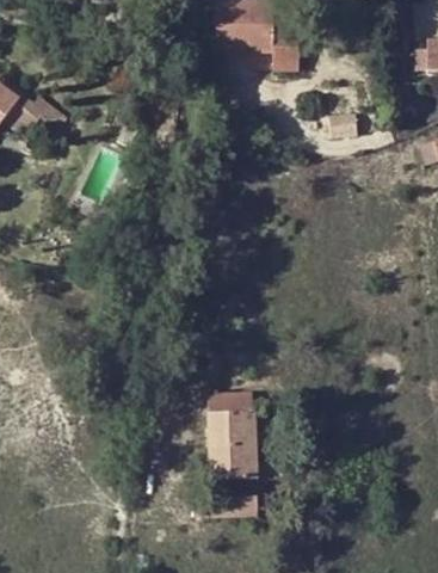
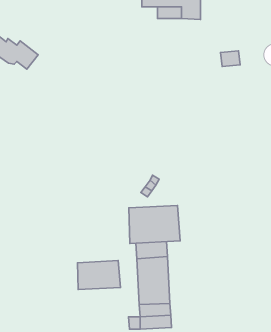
building: none -> [129,205,180,243]
building: none -> [78,261,120,290]

